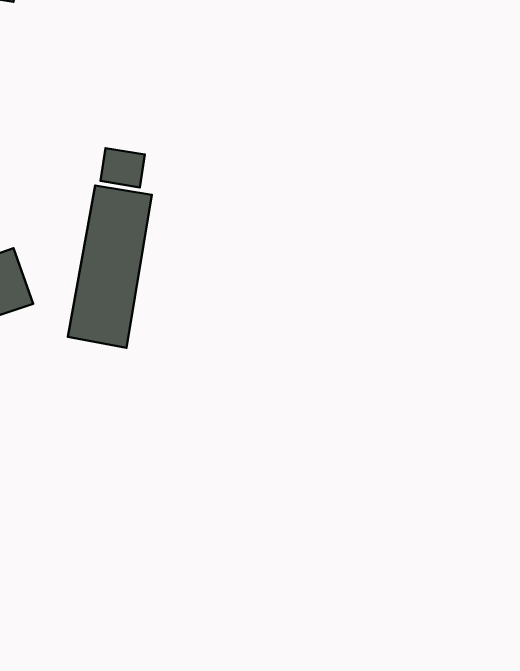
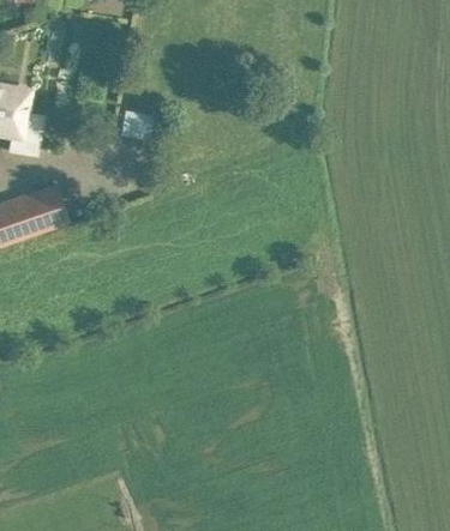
building: [68,185,152,348] -> none

